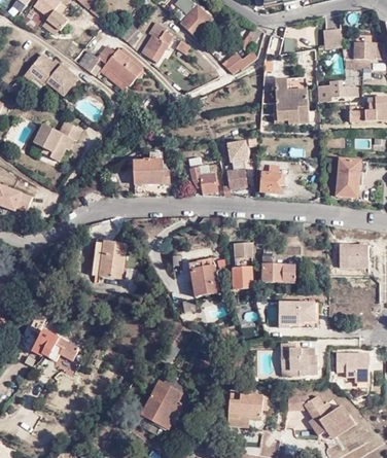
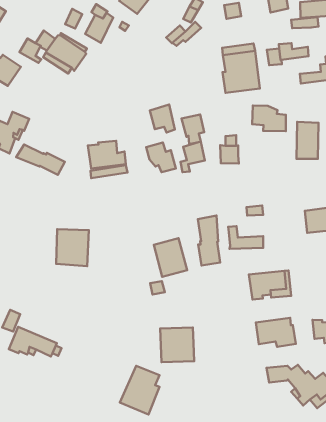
building: none -> [150,105,175,133]
building: none -> [252,106,286,131]
building: none -> [16,145,65,175]
building: [225,394,259,429] -> [160,327,194,362]

